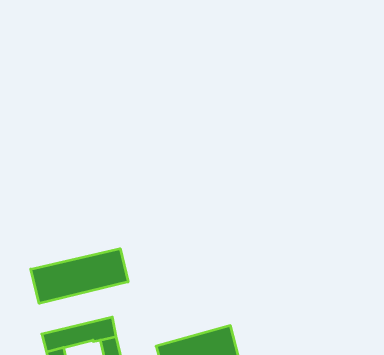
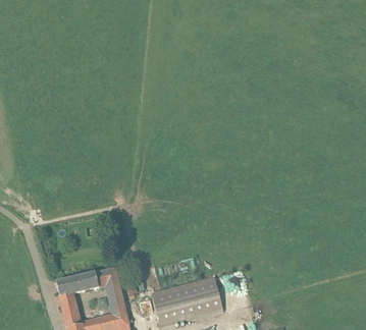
building: [31,249,128,303] -> none

